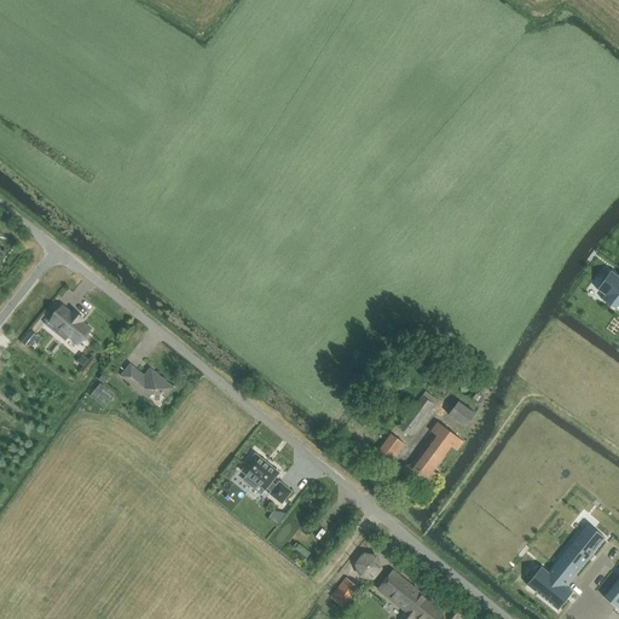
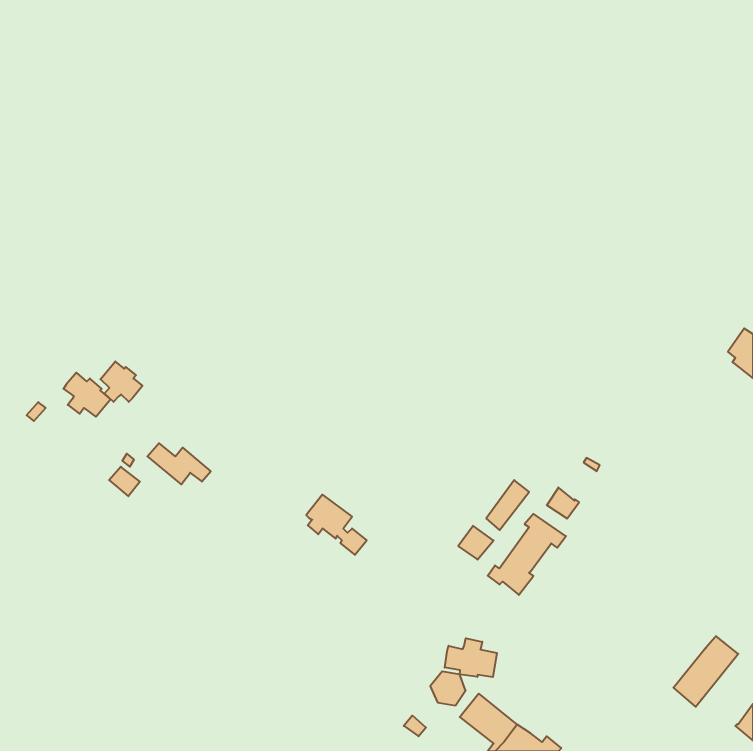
building: none -> [100,361,142,402]
building: [242,453,291,503] -> [306,495,367,555]
building: none -> [445,638,497,677]
building: [526,565,573,609] -> none

